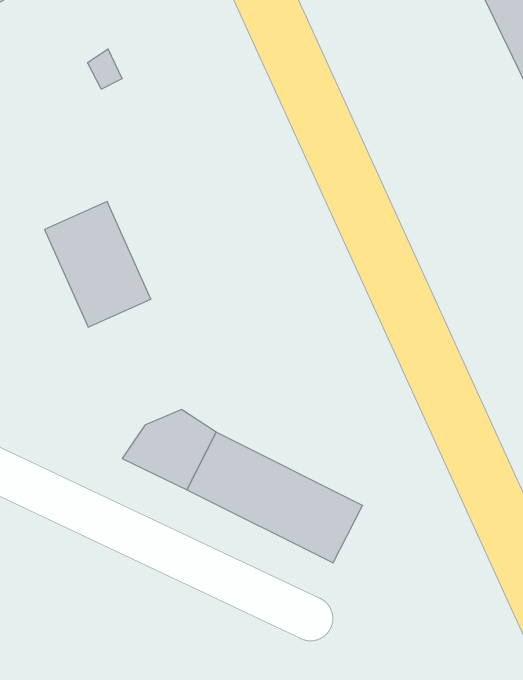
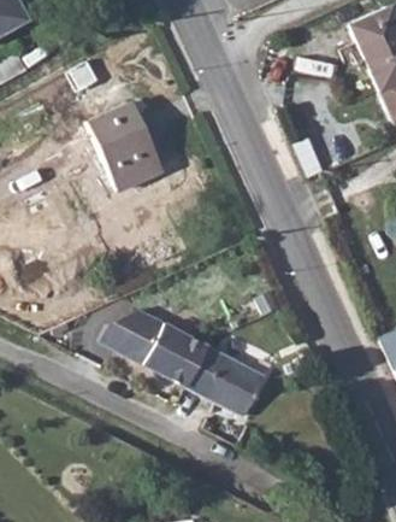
building: [45,202,151,327] -> [93,101,166,188]

